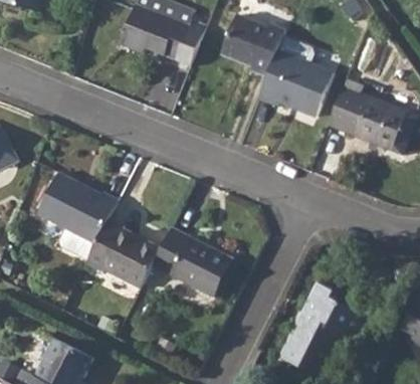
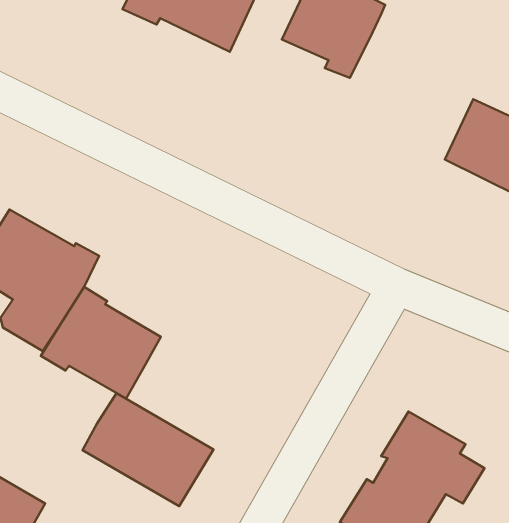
building: [256,34,332,115] -> none
building: [149,226,231,295] -> [82,393,214,506]

